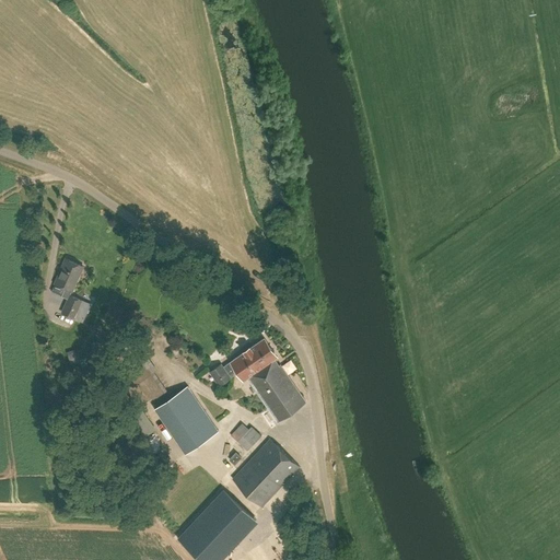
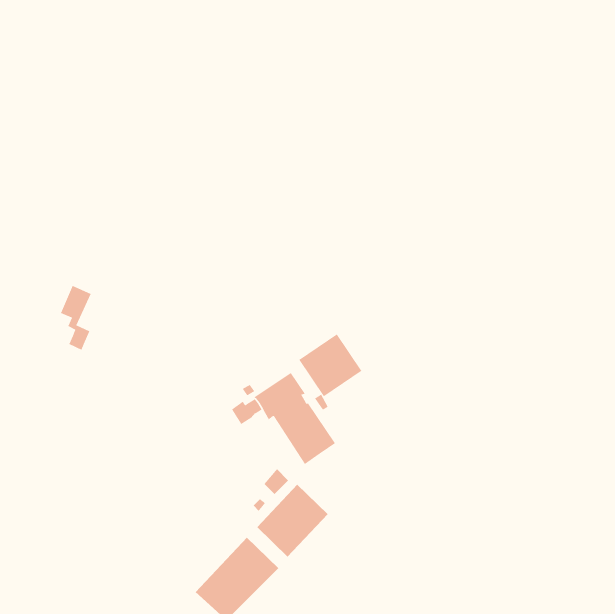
building: none -> [298,333,362,397]
building: [154,386,219,454] -> none

